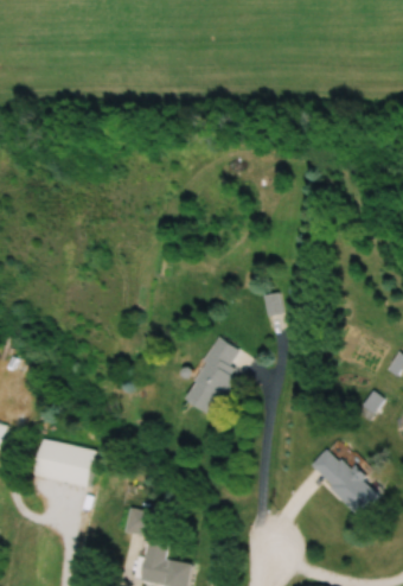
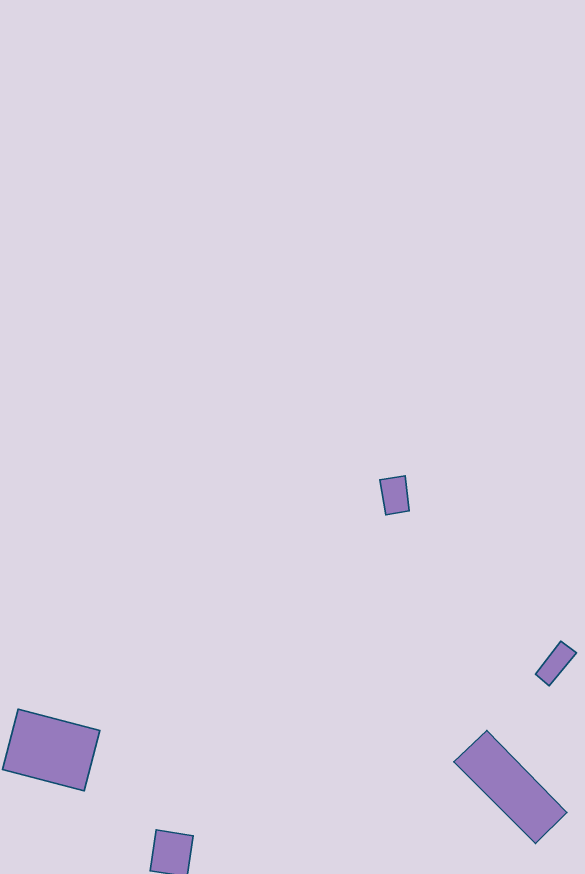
building: [184,337,245,415] -> none

